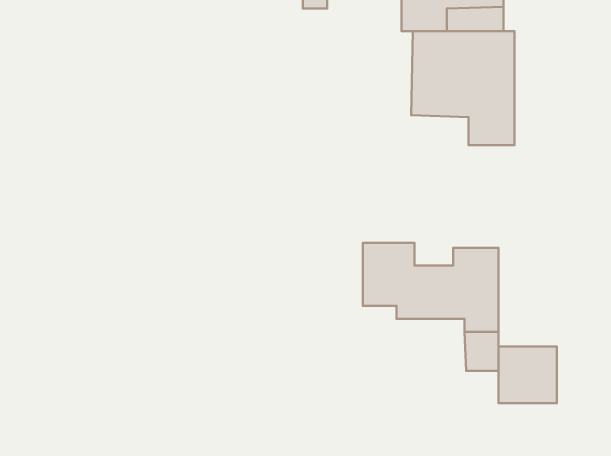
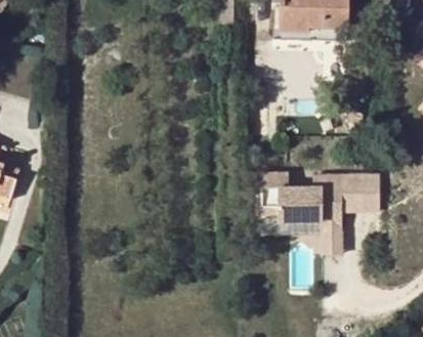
building: [411,31,514,145] -> none
building: [499,346,557,403] -> [344,177,381,213]

